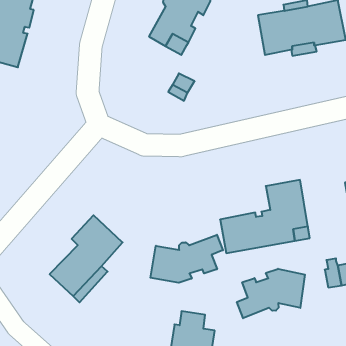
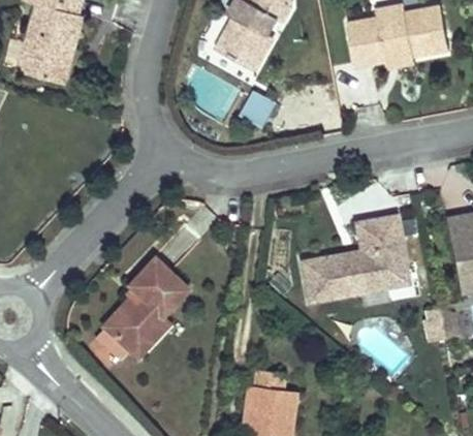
building: [150,235,223,283] -> none
building: [237,269,305,318] -> none

